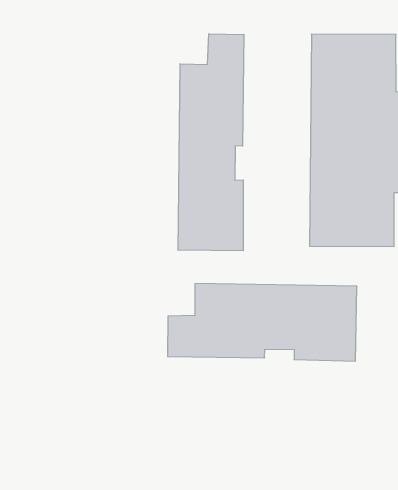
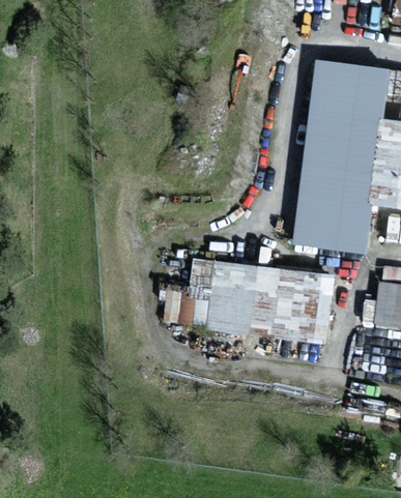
building: [178,34,244,251] -> none

